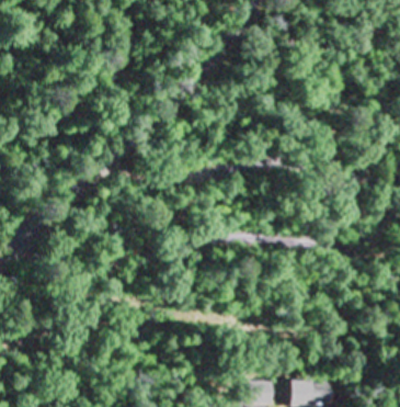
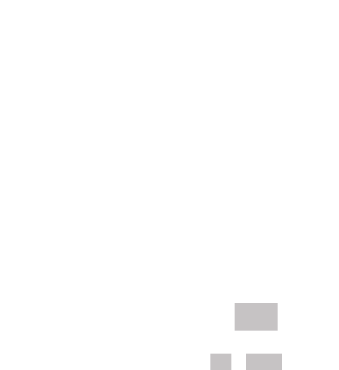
building: none -> [234,302,278,332]

